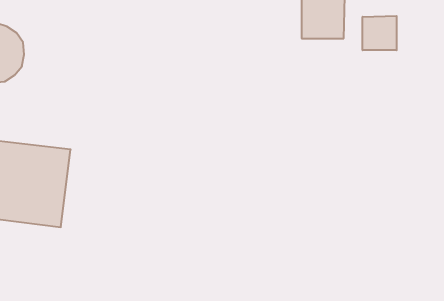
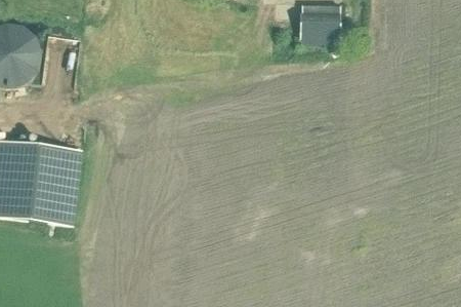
building: [363,16,397,50] -> none

